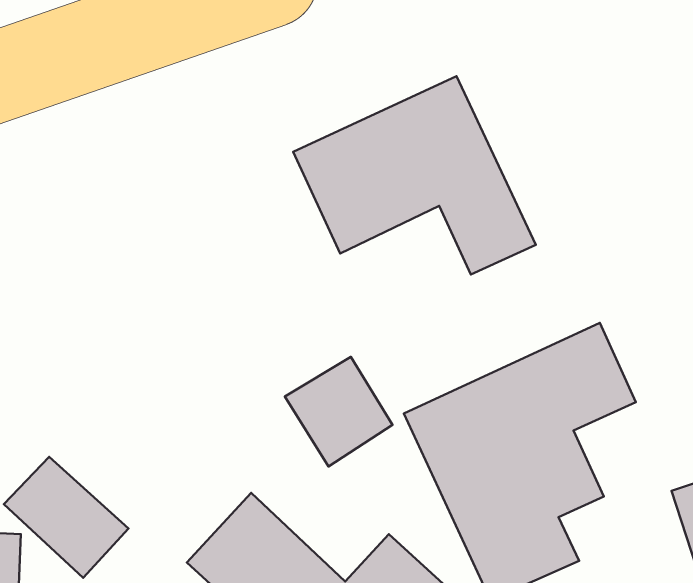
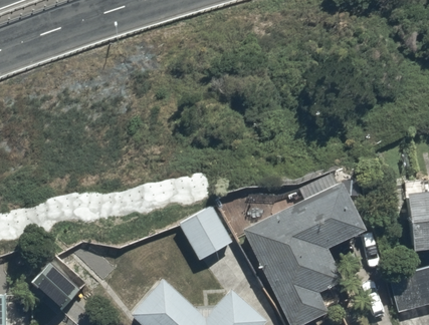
building: [293,76,536,275] -> none

